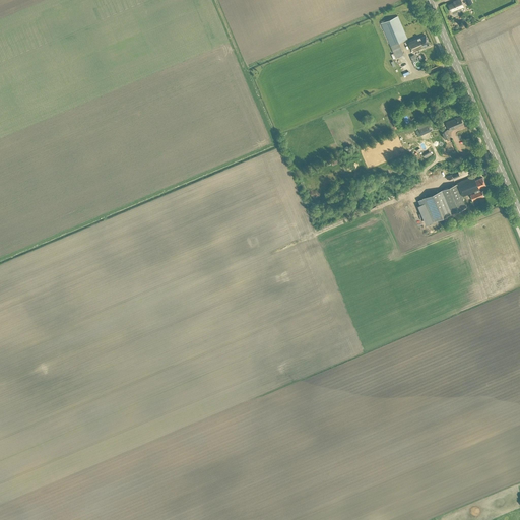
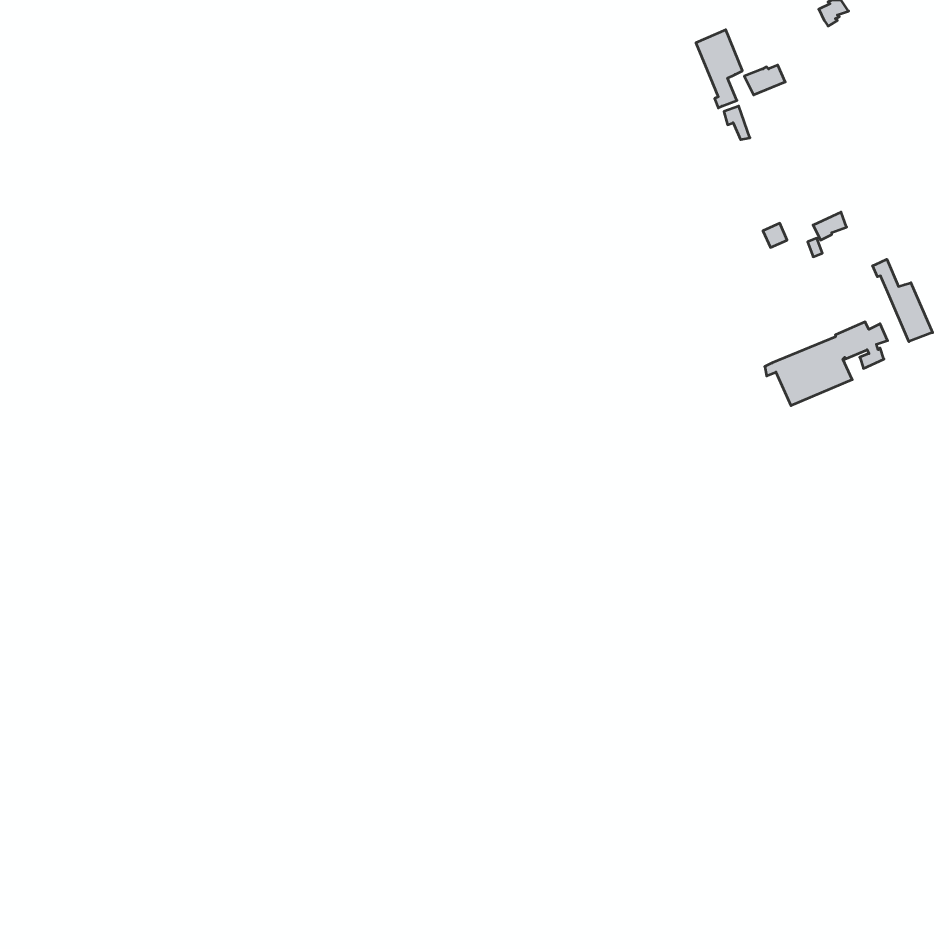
building: none -> [873,259,933,342]

